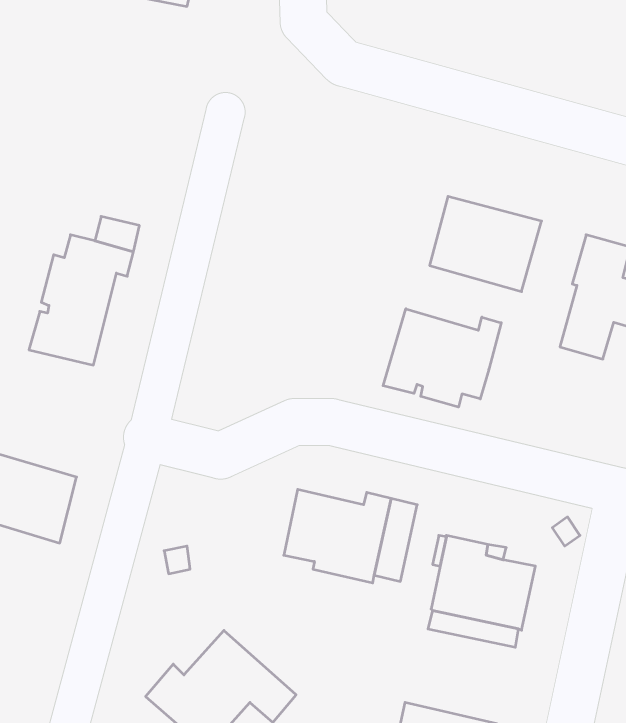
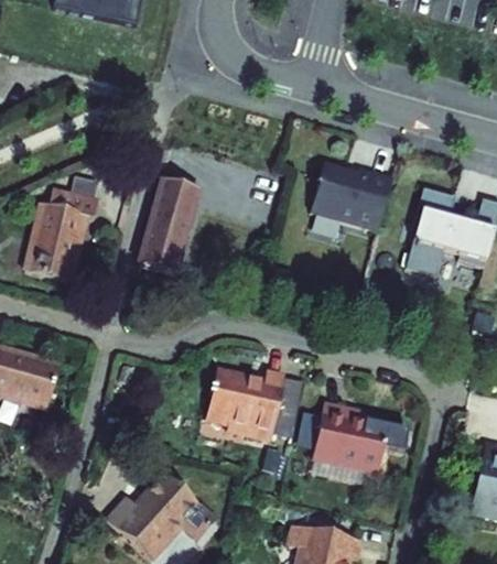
building: none -> [138,178,198,274]
building: [383,309,501,407] -> none

